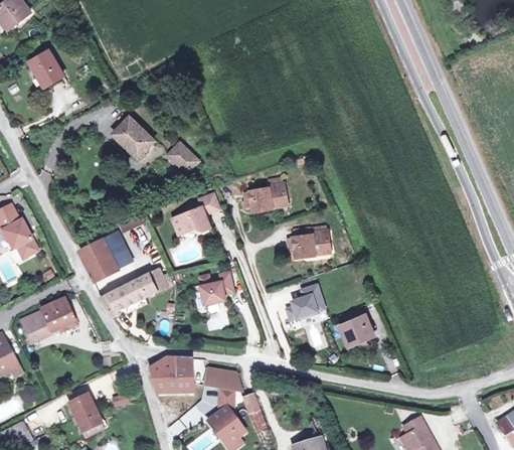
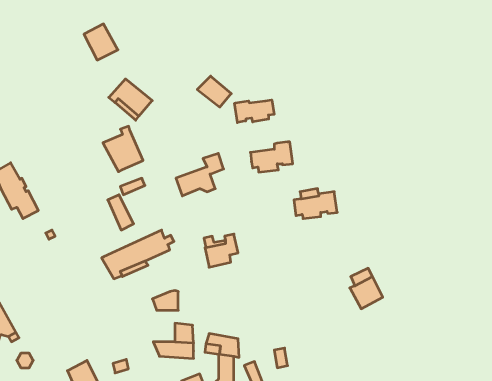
building: [29,50,62,86] -> [84,24,118,60]
building: none -> [235,100,274,123]
building: [165,144,198,174] -> [197,76,231,107]
building: [81,234,121,278] -> [103,126,143,172]
building: [286,284,324,321] -> none
building: [23,300,80,346] -> none
building: [148,356,173,376] -> [152,291,178,310]

